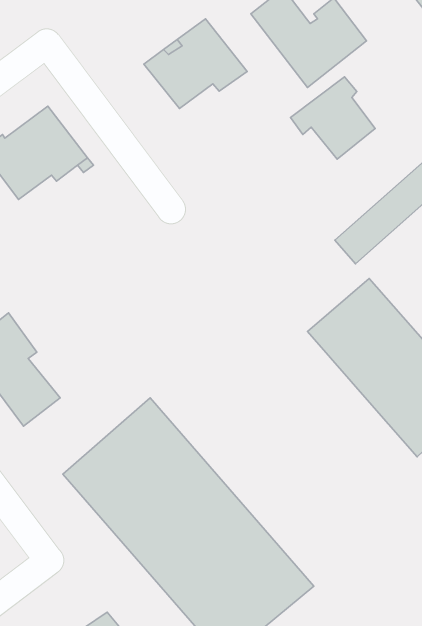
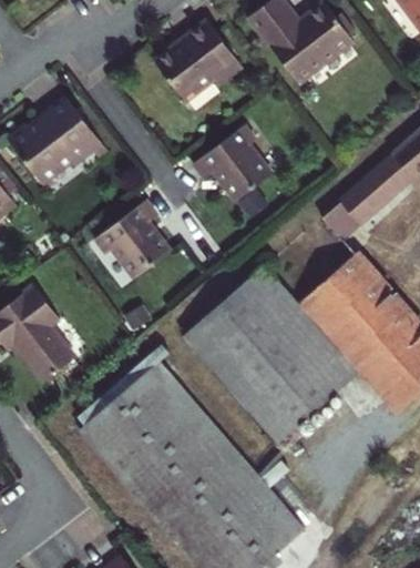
building: [290,77,375,159] -> [194,124,270,199]
building: none -> [94,199,170,276]
building: none -> [183,266,360,445]

